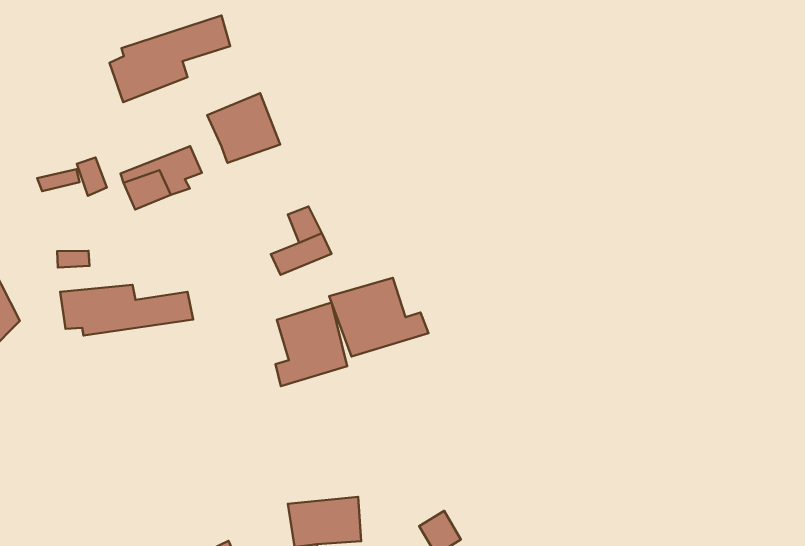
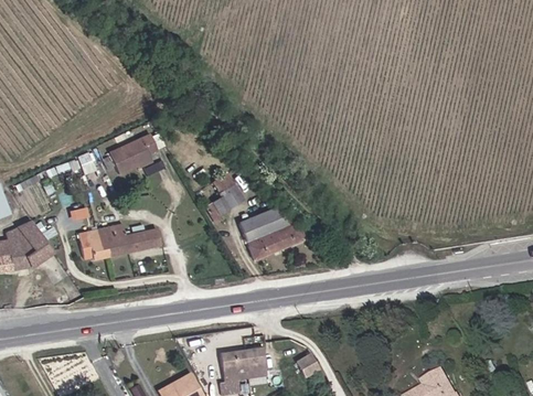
building: [110,16,230,102] -> none
building: [207,93,280,163] -> none
building: [276,303,347,386] -> none

